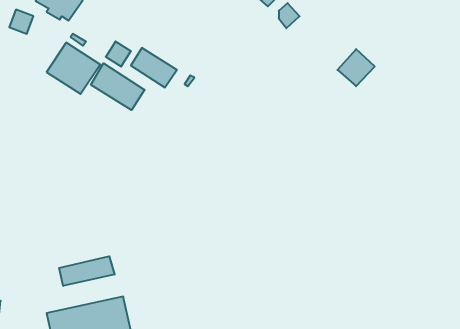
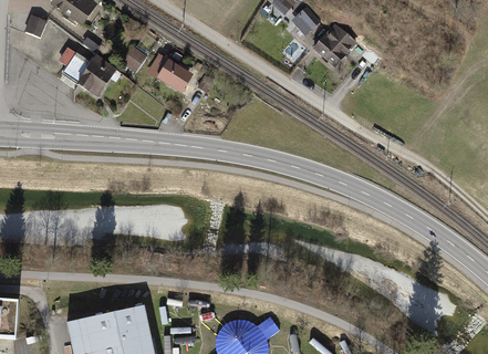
building: [337,49,375,86] -> [318,25,355,63]
building: [91,63,145,110] -> none
building: [59,256,115,286] -> none

